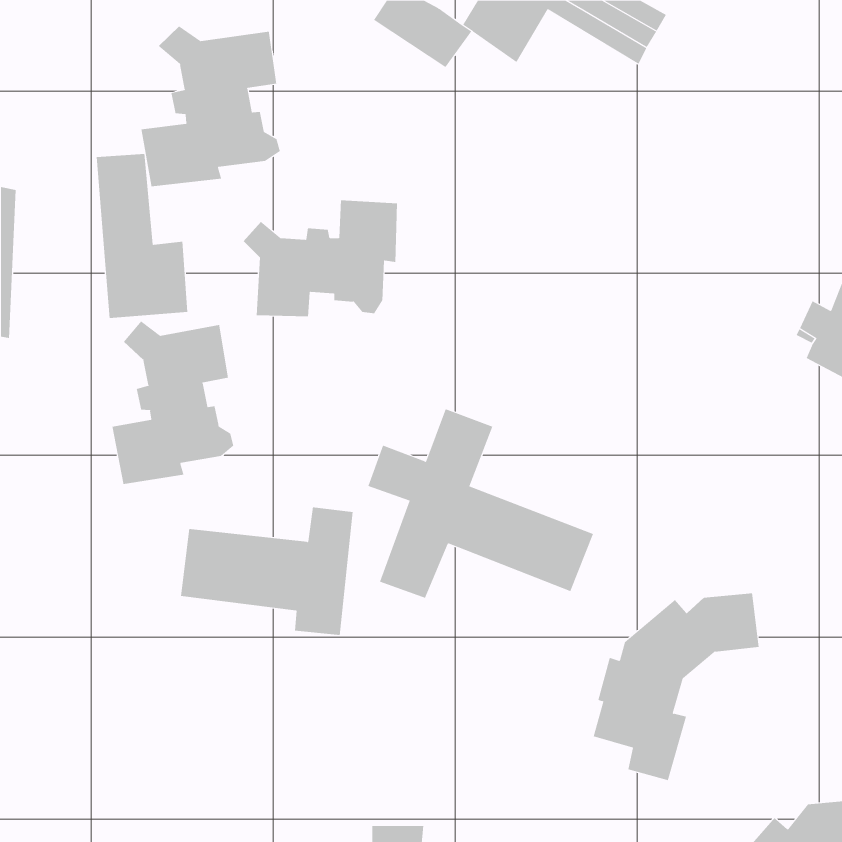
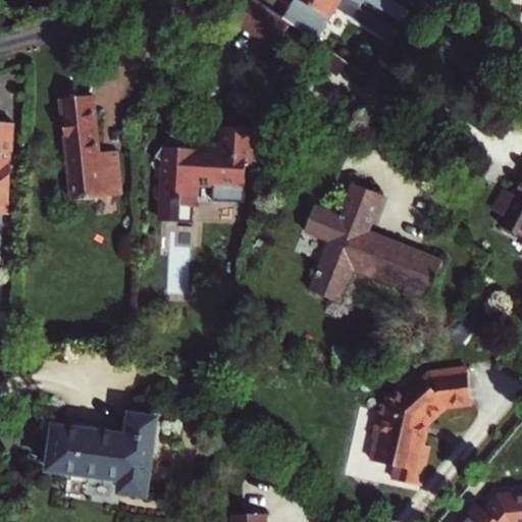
building: [141,26,280,187] -> none
building: [112,321,234,485] -> none
building: [368,408,594,598] -> [307,185,447,302]
building: [180,507,354,636] -> [50,415,157,494]

